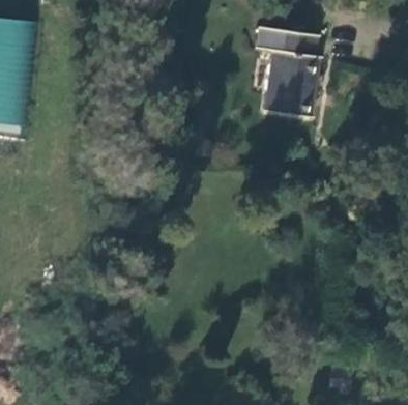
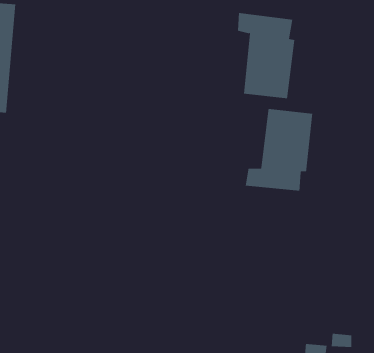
building: none -> [245,108,313,192]

